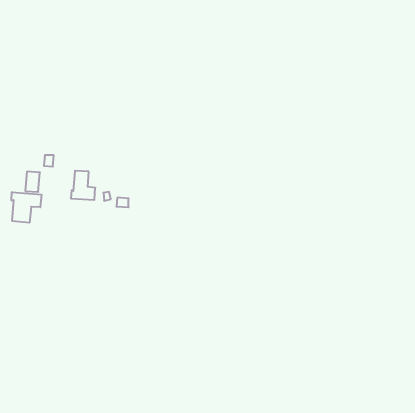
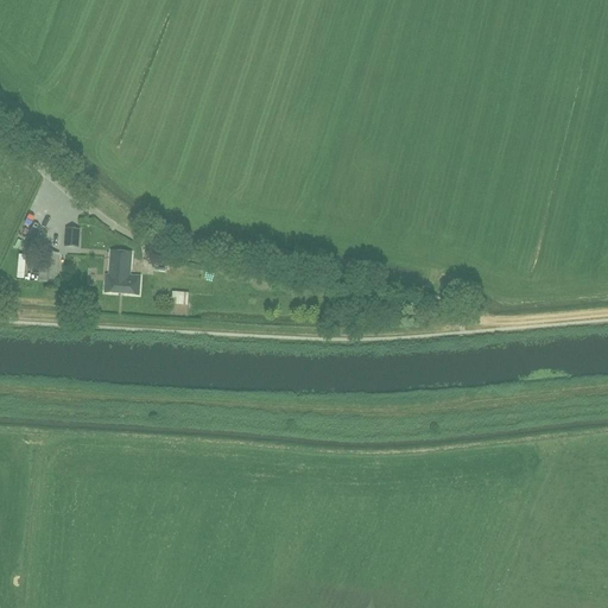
building: [12,192,41,223] -> none

